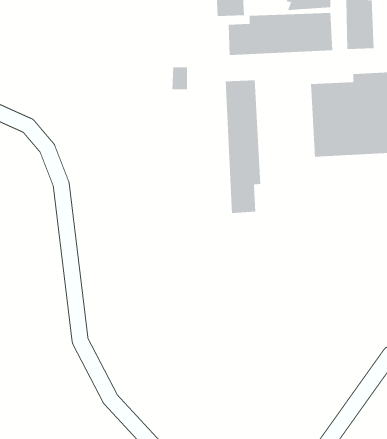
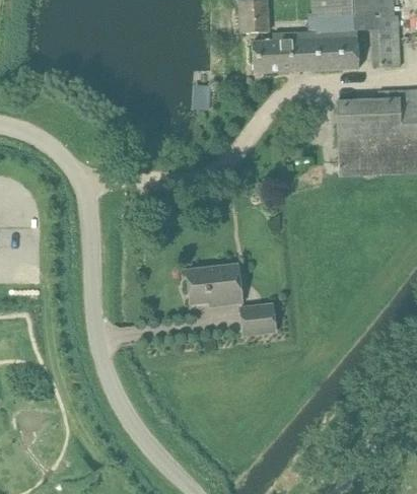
building: [225,79,261,214] -> none
building: none -> [186,265,240,303]
building: none -> [240,304,274,335]

